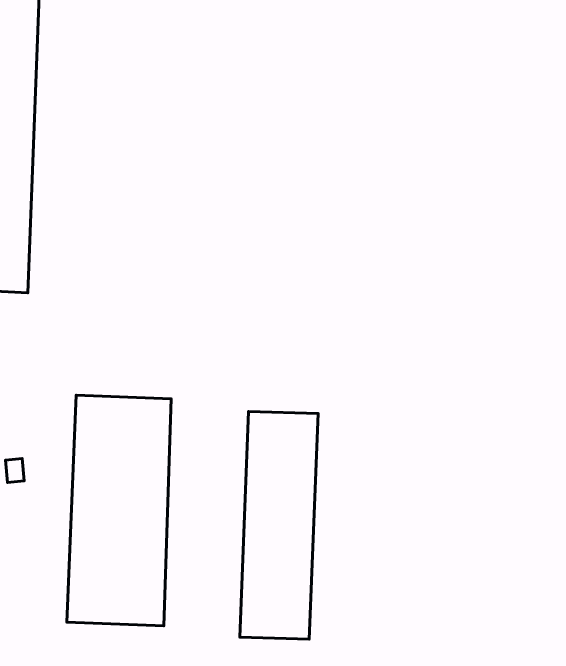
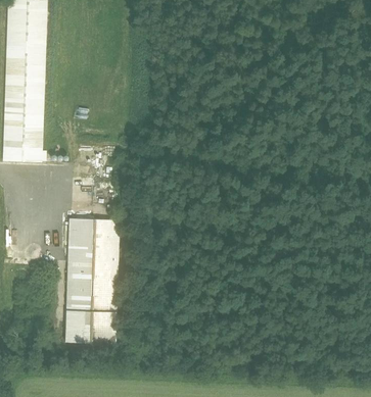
building: [240,412,318,639] -> none

